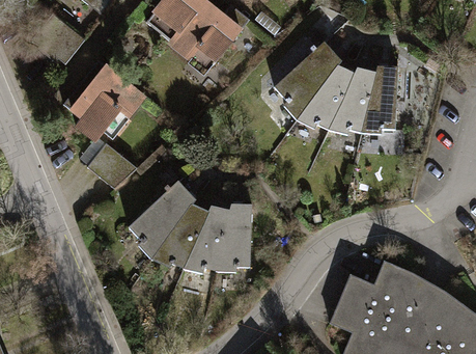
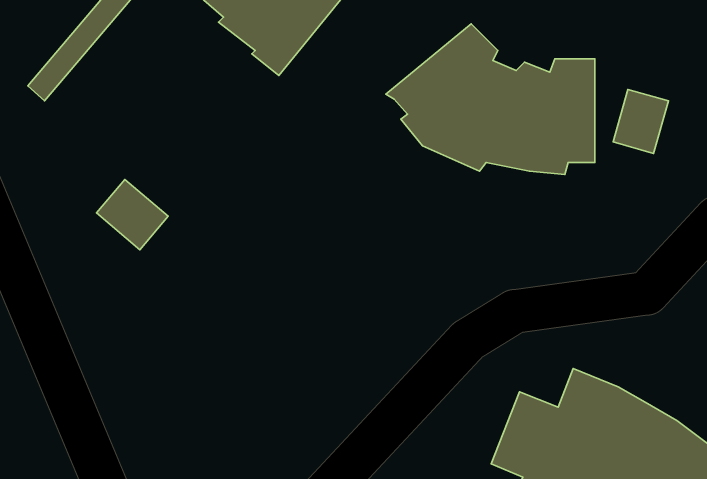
building: [68,59,148,139] -> none
building: none -> [613,89,668,153]
building: [128,179,250,266] -> none

